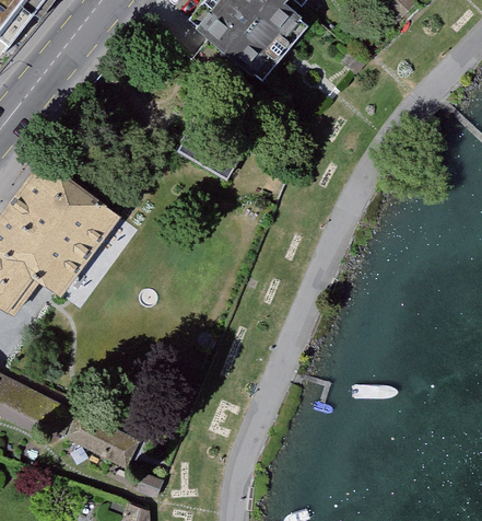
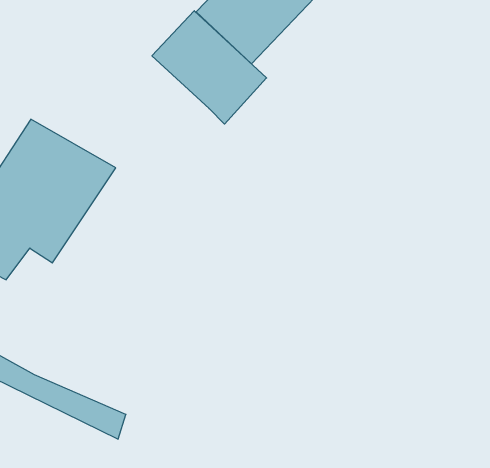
building: none -> [152,11,267,124]

